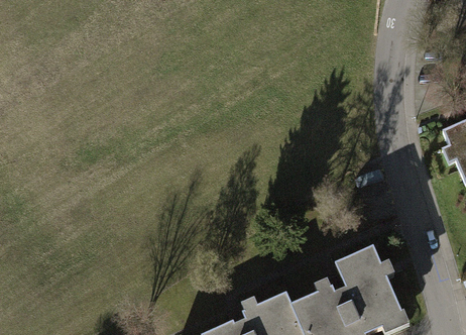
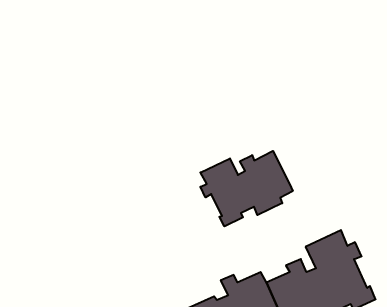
building: none -> [200,151,293,226]

